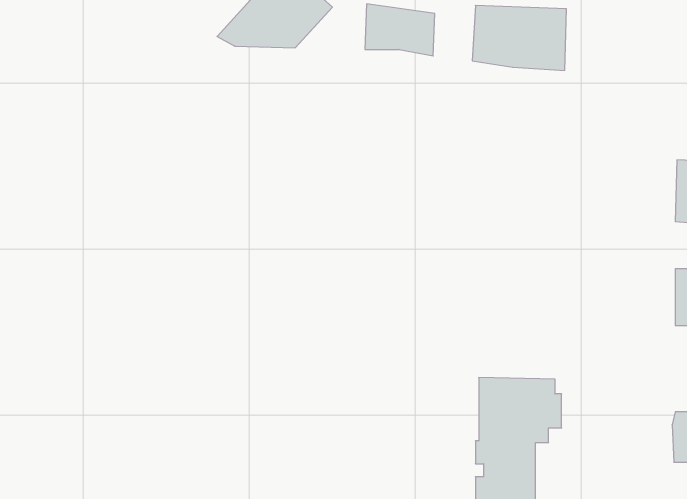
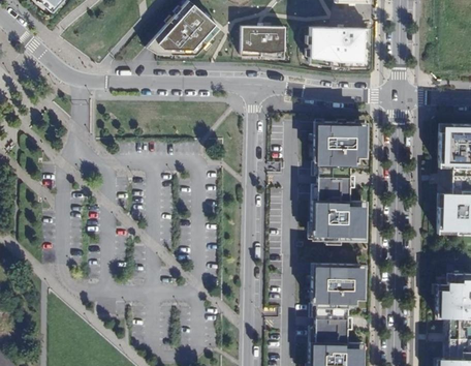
building: none -> [311,121,367,239]

